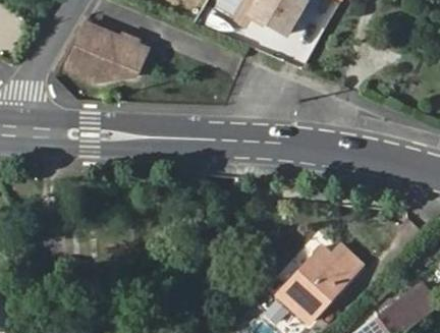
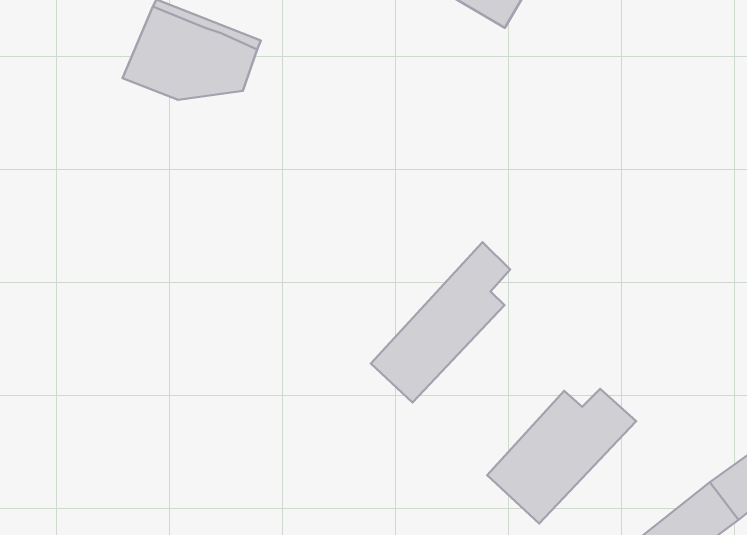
building: none -> [371,242,510,403]

